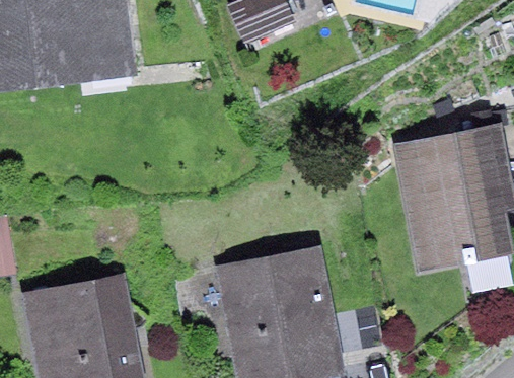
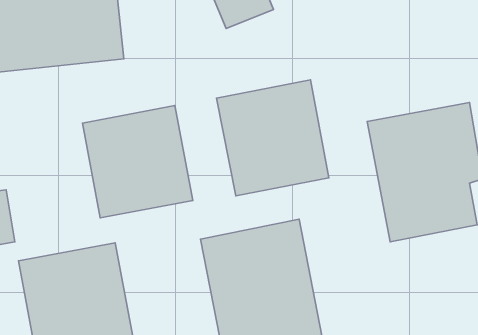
building: none -> [217,80,329,196]
building: none -> [82,106,193,218]

